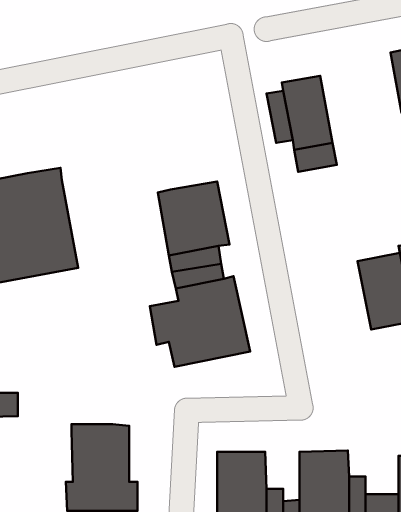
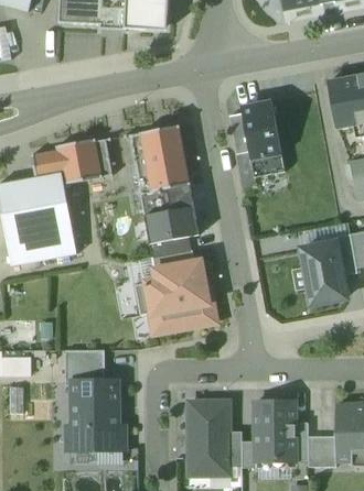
building: none -> [131,128,189,192]
building: none -> [31,139,101,184]
building: none -> [65,351,105,385]

